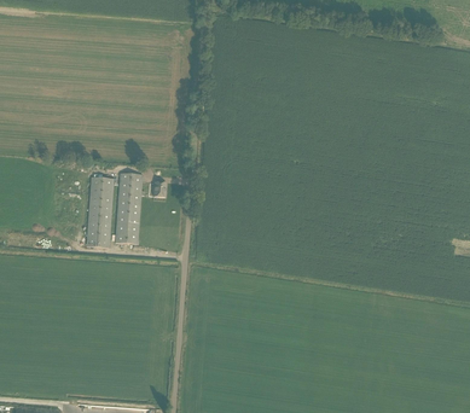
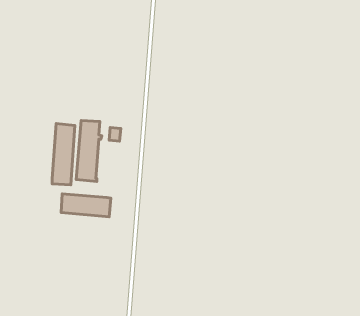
building: none -> [61,194,111,217]

